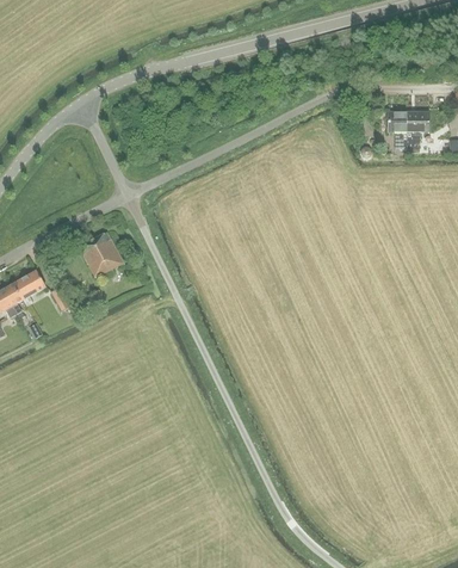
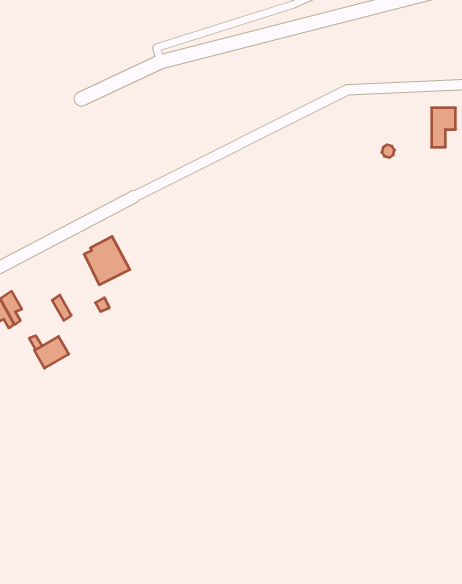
building: [388,111,406,148] -> none
building: [12,270,44,300] -> [34,336,69,368]

